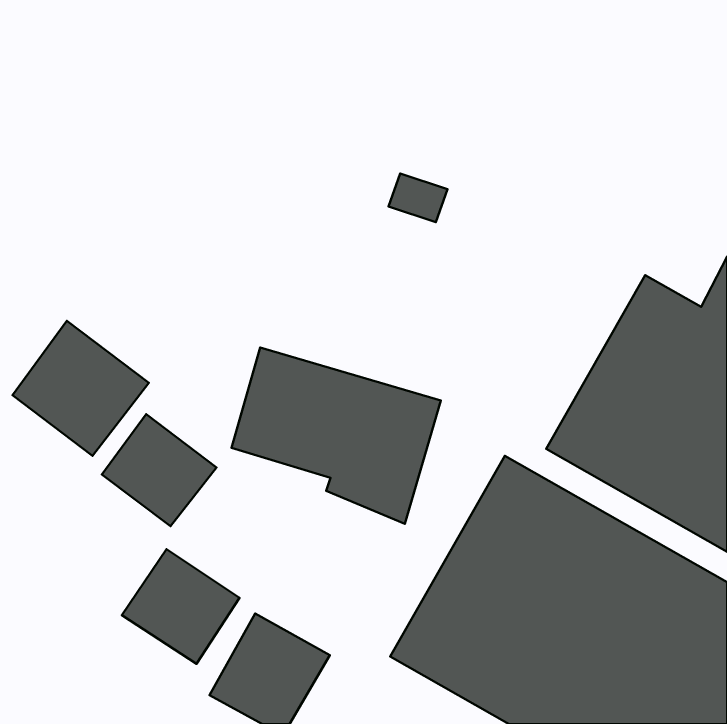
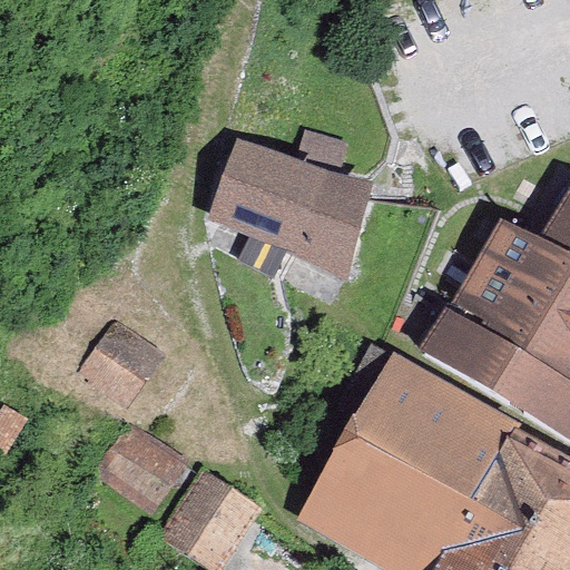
building: [13,321,149,456] -> none
building: [231,347,441,524] -> [217,149,380,286]

